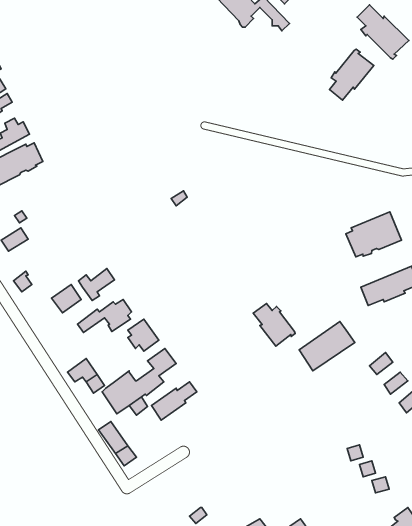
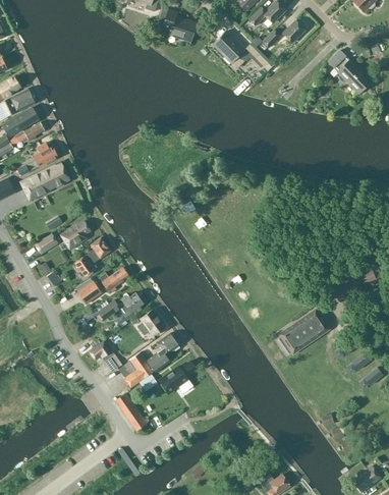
building: [329,49,374,100] -> none
building: [346,212,402,257] -> none
building: none -> [59,220,89,249]
building: none -> [73,236,109,276]
building: [253,303,295,346] -> none

